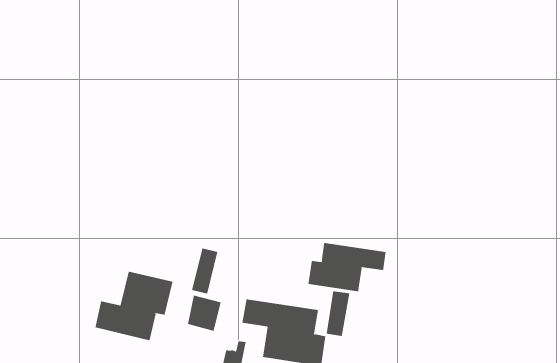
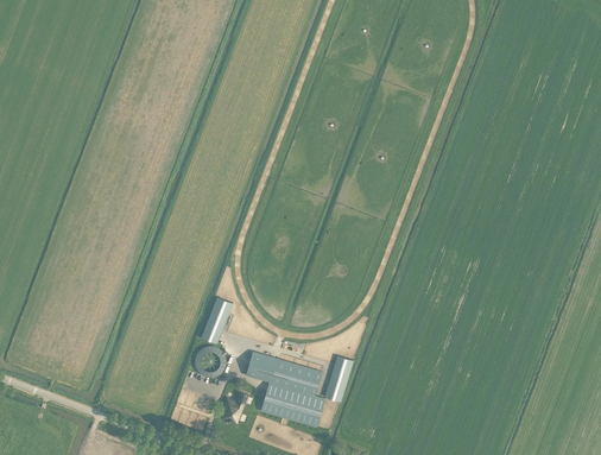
building: [308,242,386,292] -> none
building: [95,271,173,341] -> none

